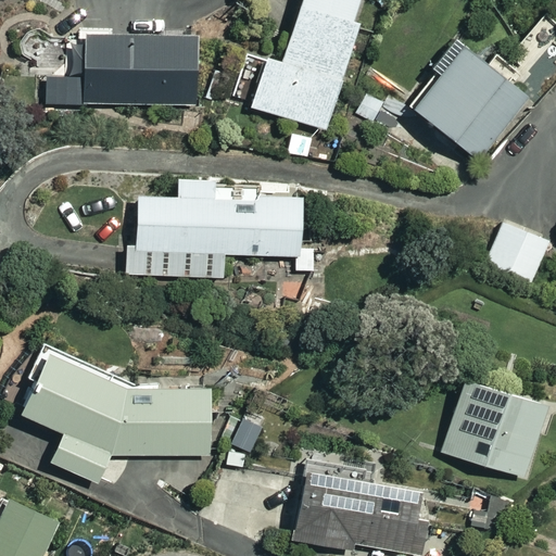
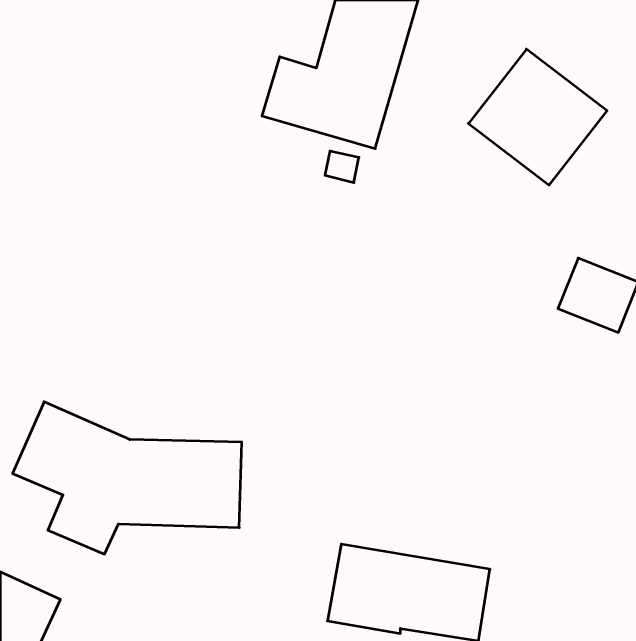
building: [81,33,199,104] -> none
building: [127,177,302,278] -> none
building: [441,380,547,477] -> none

